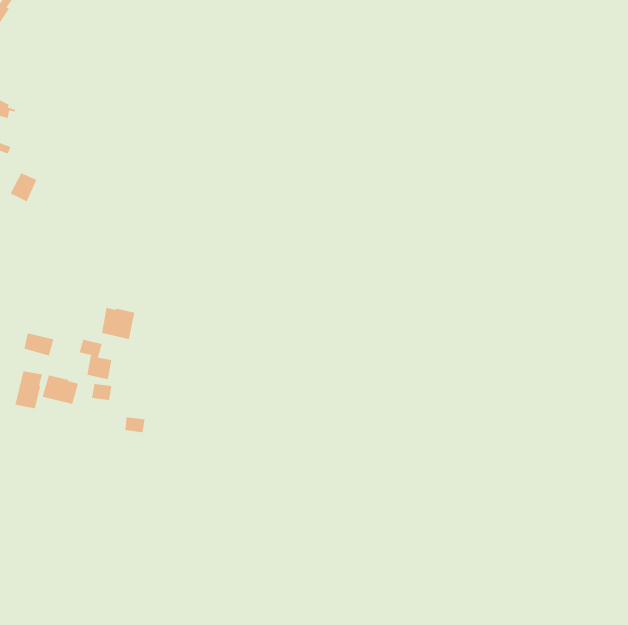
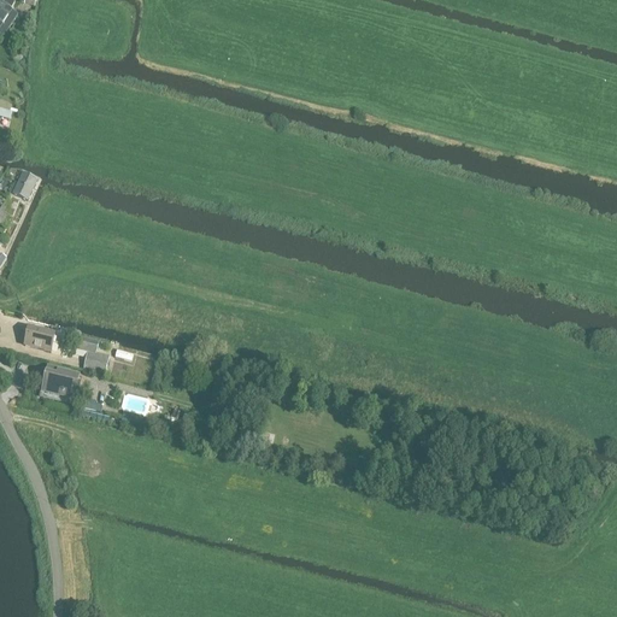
building: [101,307,135,340] -> none
building: [15,370,42,409] -> none

